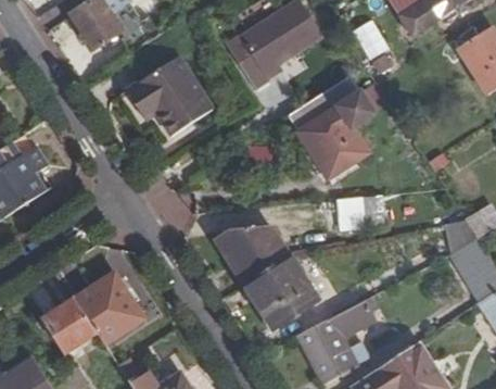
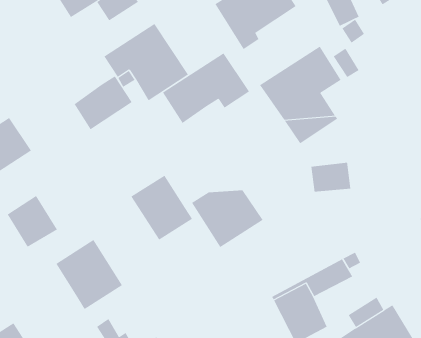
building: none -> [162,53,250,124]
building: none -> [74,76,133,130]
building: none -> [130,175,193,241]
building: [244,255,315,327] -> none
building: [47,300,99,353] -> [7,195,58,248]

